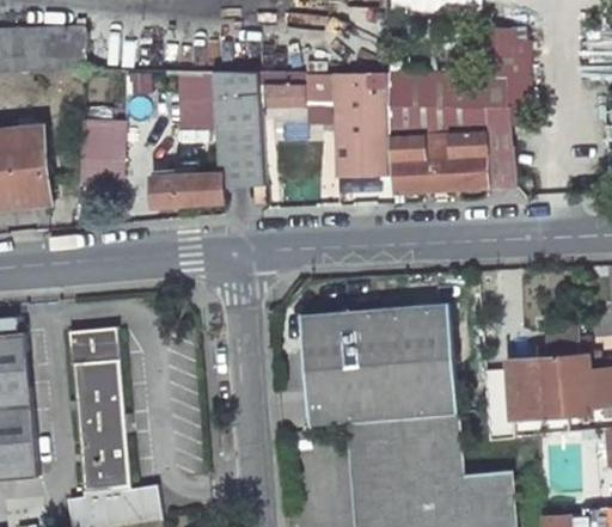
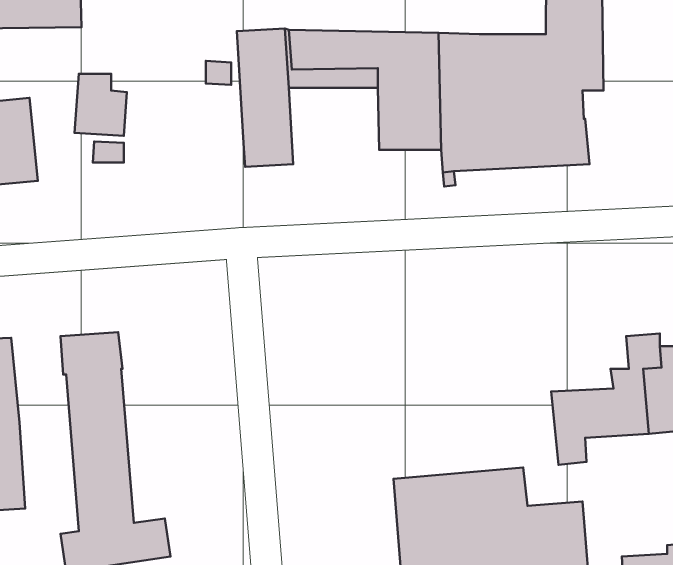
building: [151,172,224,206] -> none
building: [301,304,459,452] -> none

